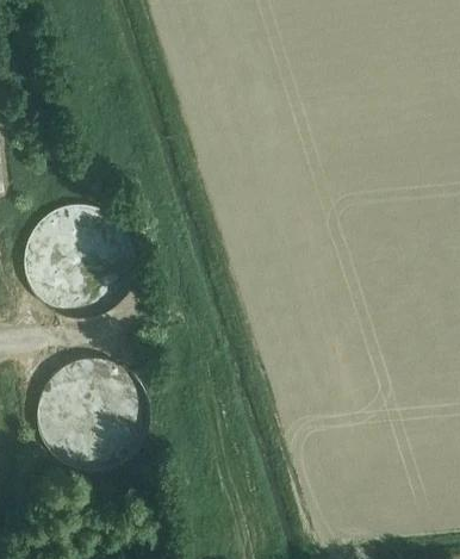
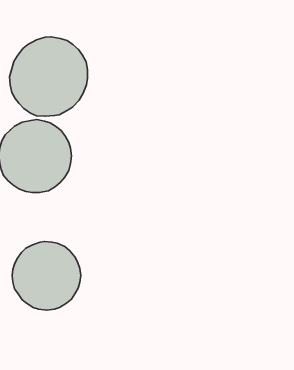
building: none -> [10,37,88,116]

